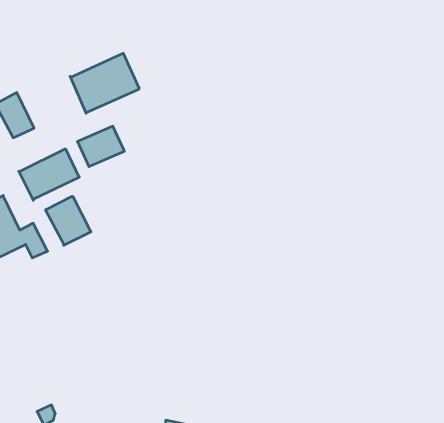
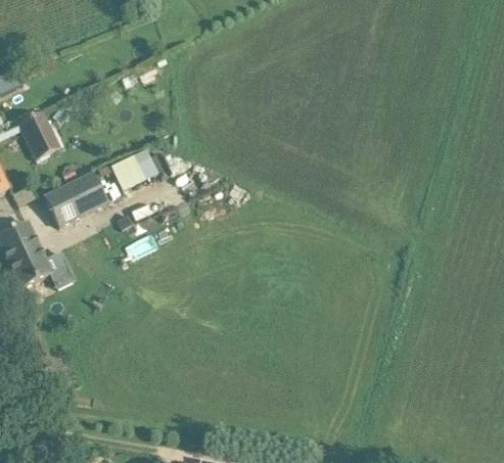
building: [70,53,139,113] -> none
building: [46,196,91,245] -> none

